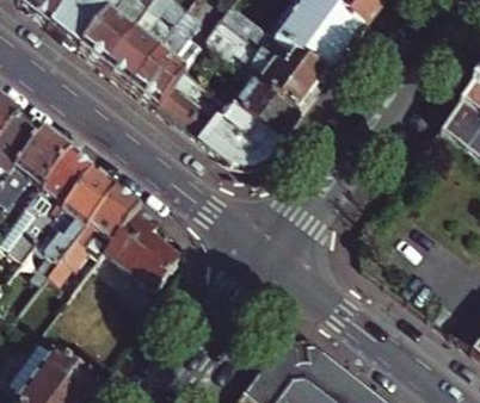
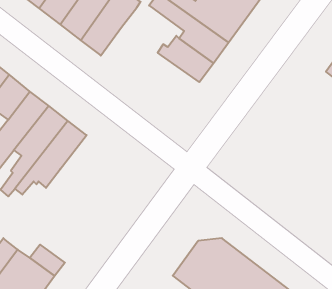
building: [156,70,281,165] -> none
building: [105,206,178,287] -> none

